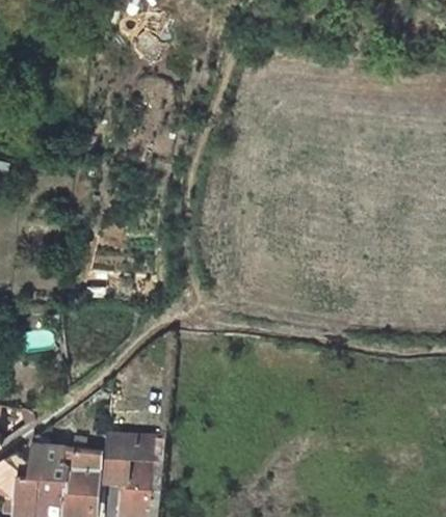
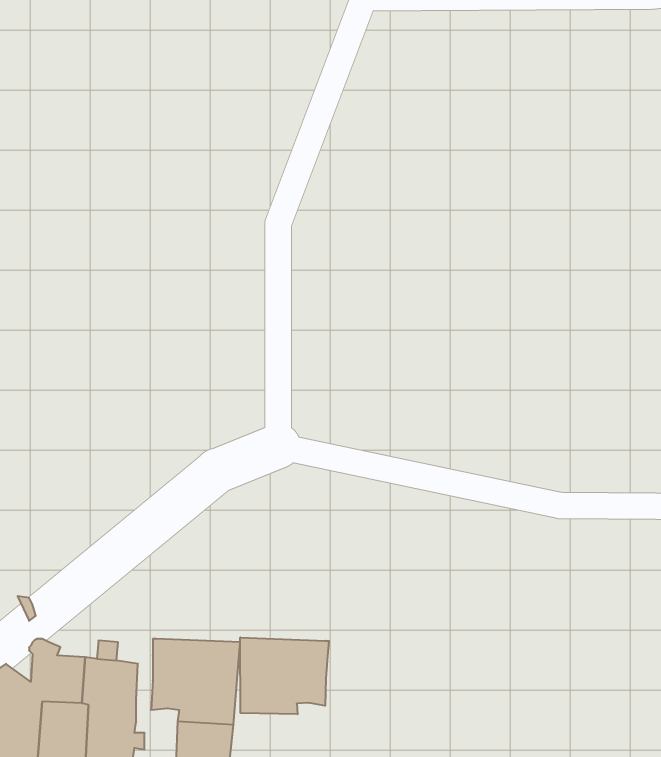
building: none -> [240,637,329,714]

